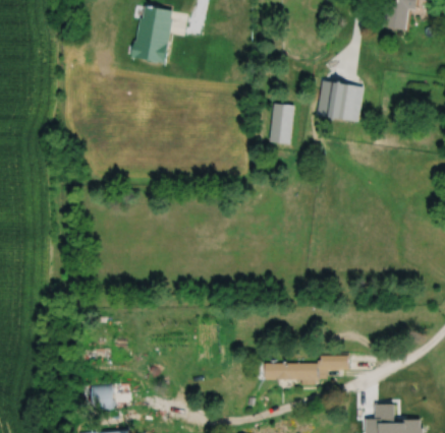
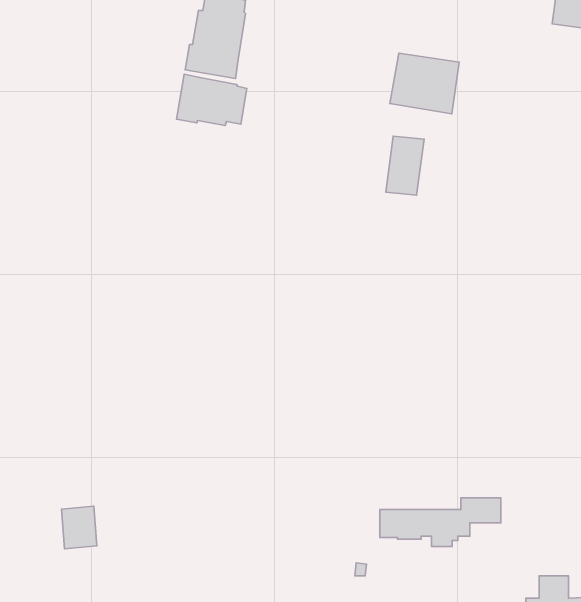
building: none -> [176,74,247,125]
building: [316,80,364,122] -> [390,53,459,114]
building: [89,382,113,412] -> [61,506,97,549]

